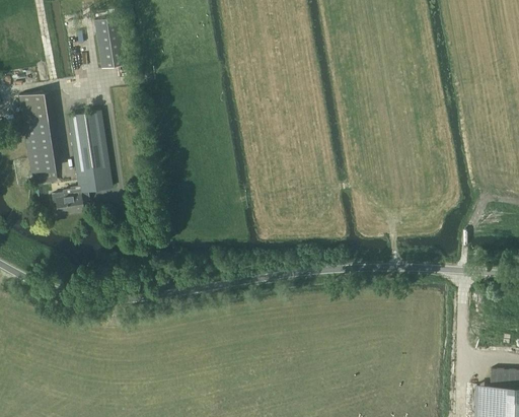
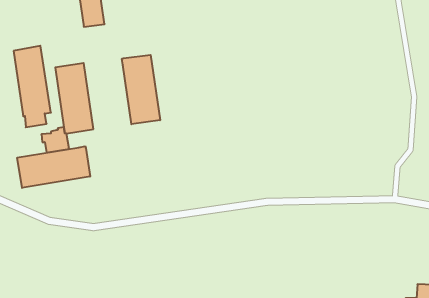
building: none -> [122,55,160,124]
building: none -> [17,146,90,188]

